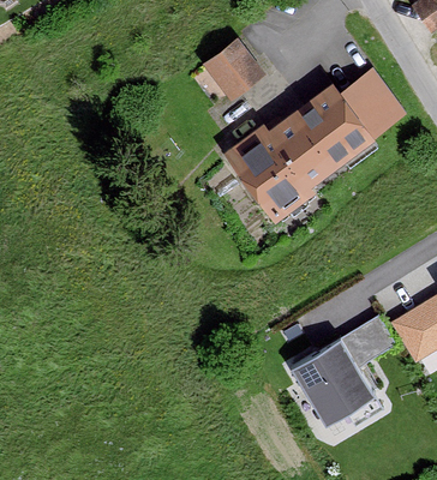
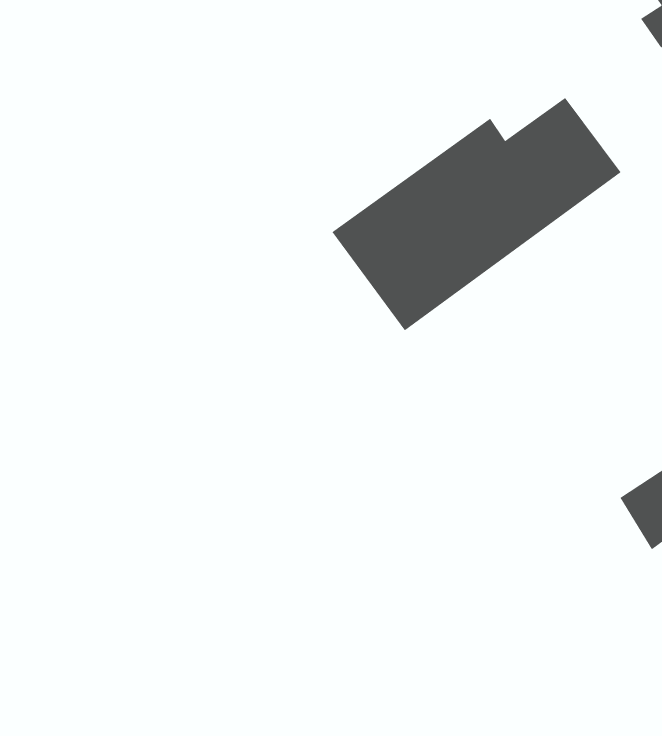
building: [196,36,258,100] -> none
building: [301,320,394,420] -> none

